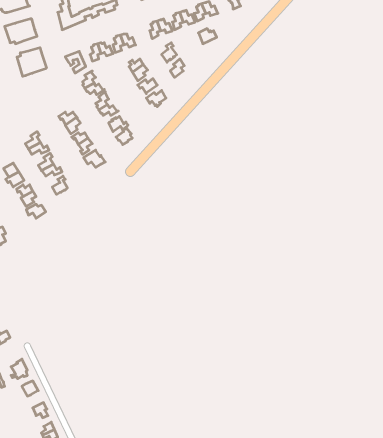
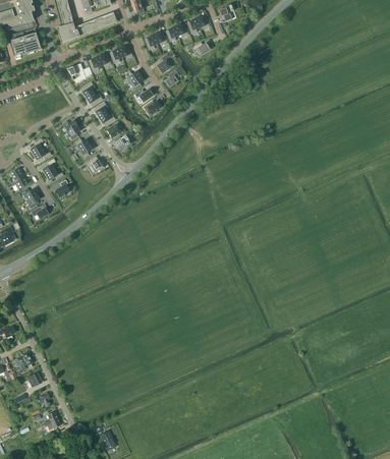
building: [17,48,46,76] -> none

